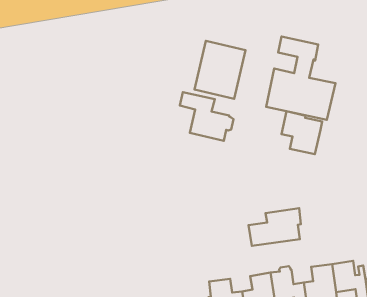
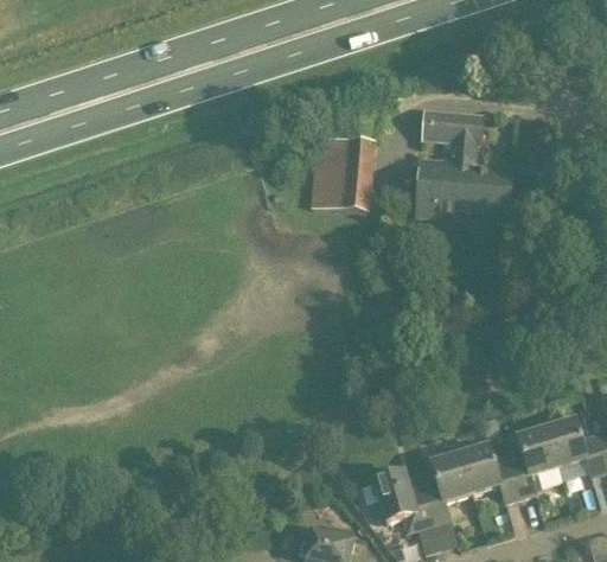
building: [180,92,233,141] -> none
building: [282,111,322,154] -> none
building: [249,208,301,246] -> none

